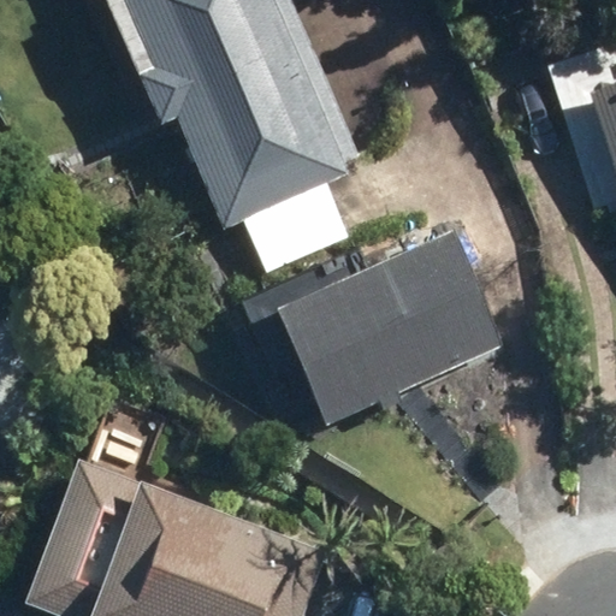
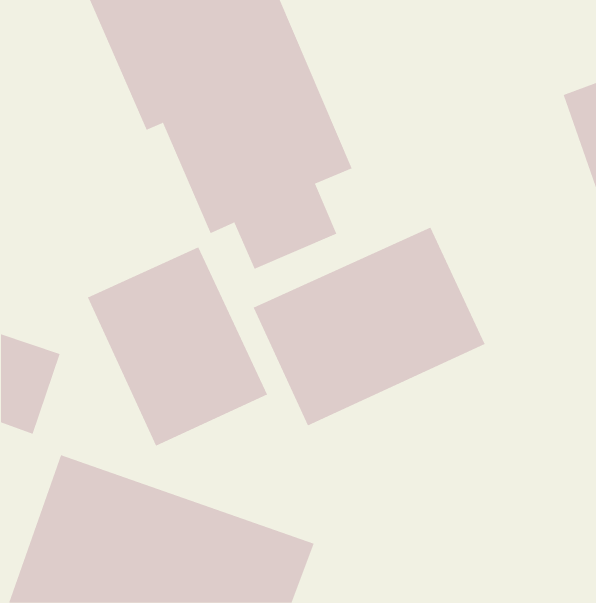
building: none -> [87,246,268,446]

